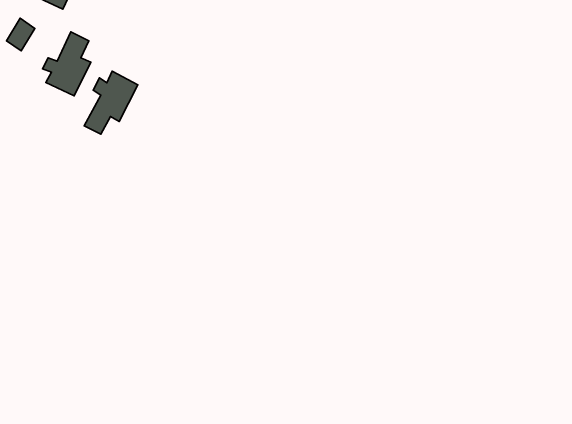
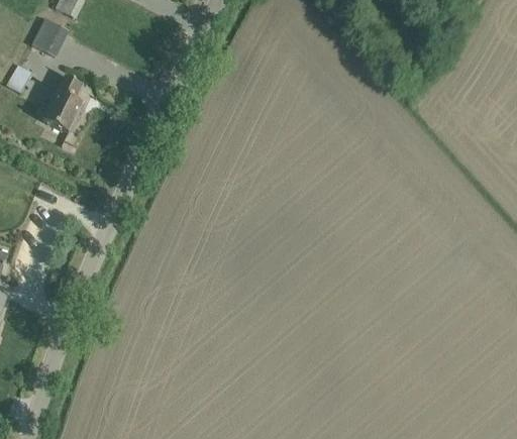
building: [84,71,138,134] -> none

